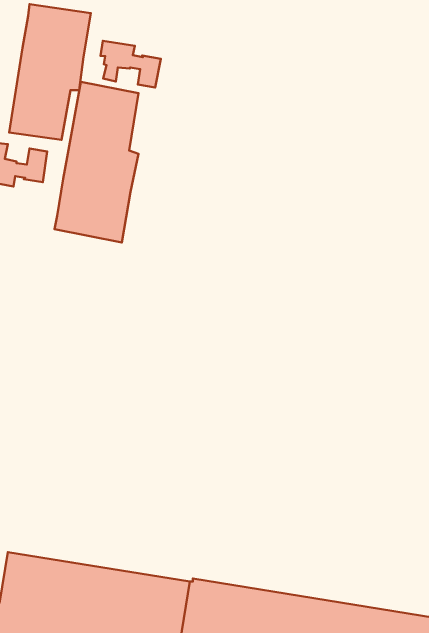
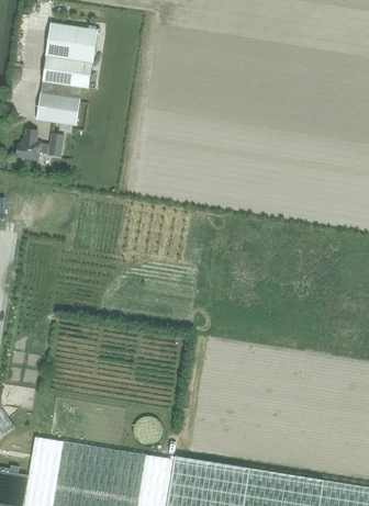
building: [101,41,161,87] -> none
building: [54,82,138,242] -> none

